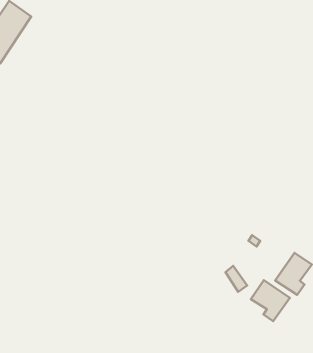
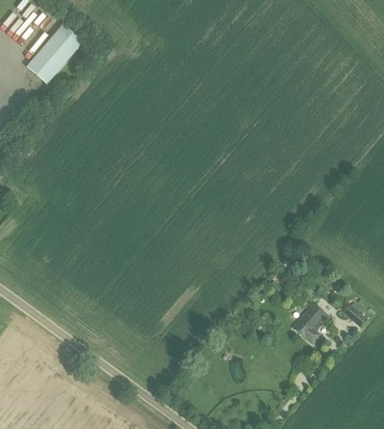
building: [251,280,290,321] -> none

